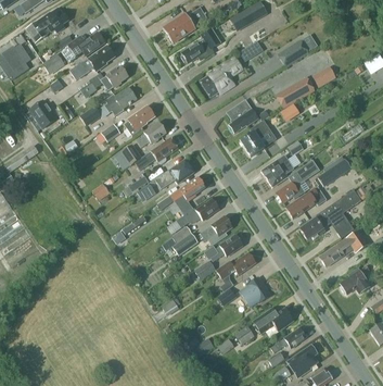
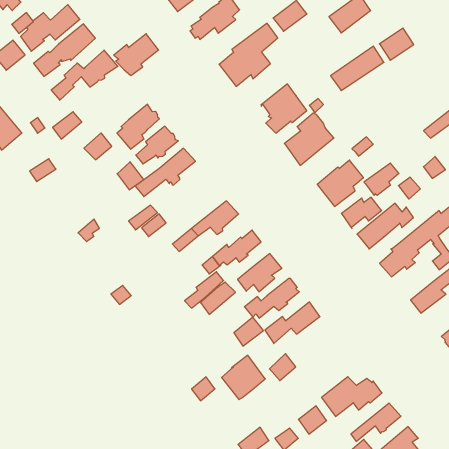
building: [105,87,137,115] -> [114,34,159,75]
building: [155,160,193,188] -> none
building: [240,277,270,308] -> [222,355,265,400]

